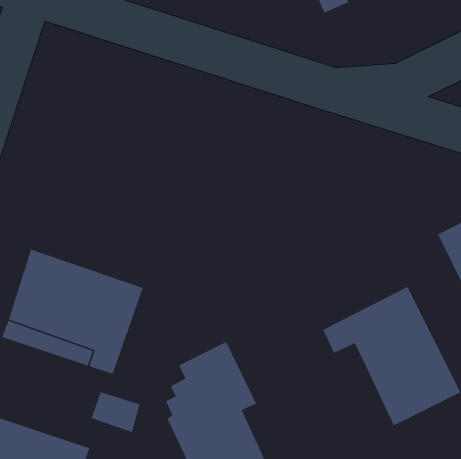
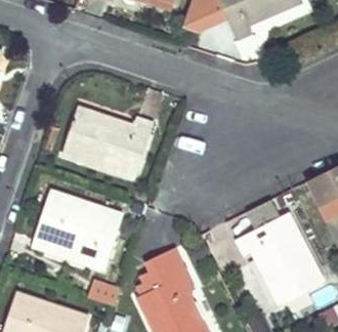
building: none -> [62,110,153,178]

